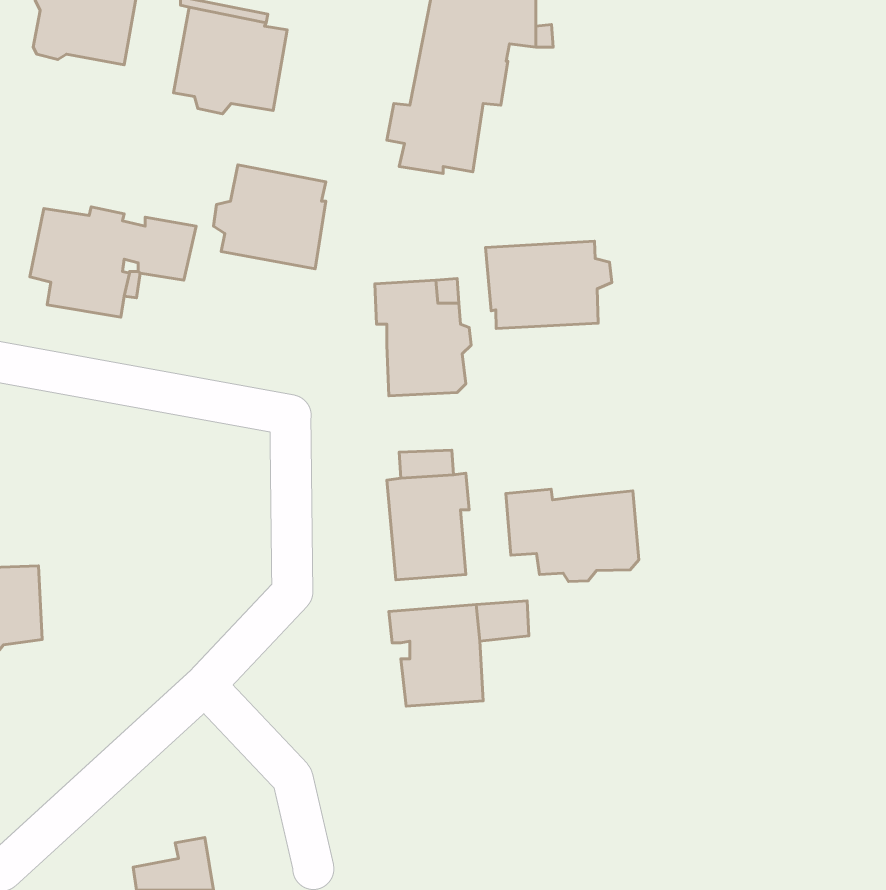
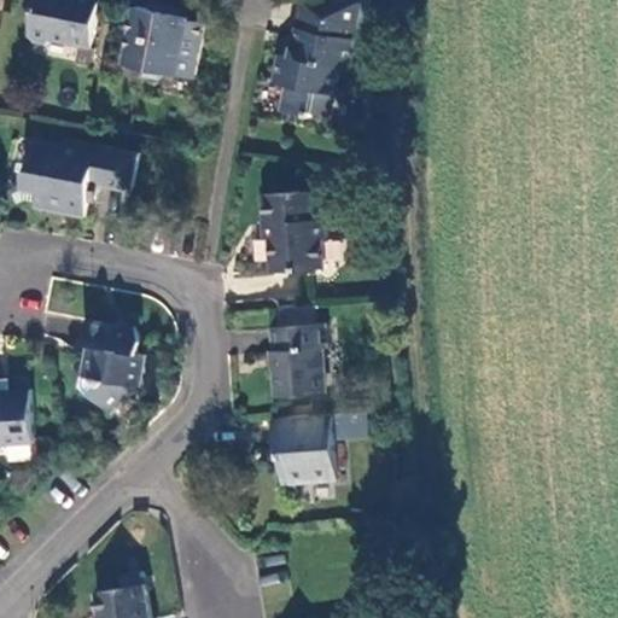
building: [213,165,326,269] -> none
building: [486,241,612,328] -> none
building: none -> [81,325,159,415]
building: [506,489,639,582] -> none

